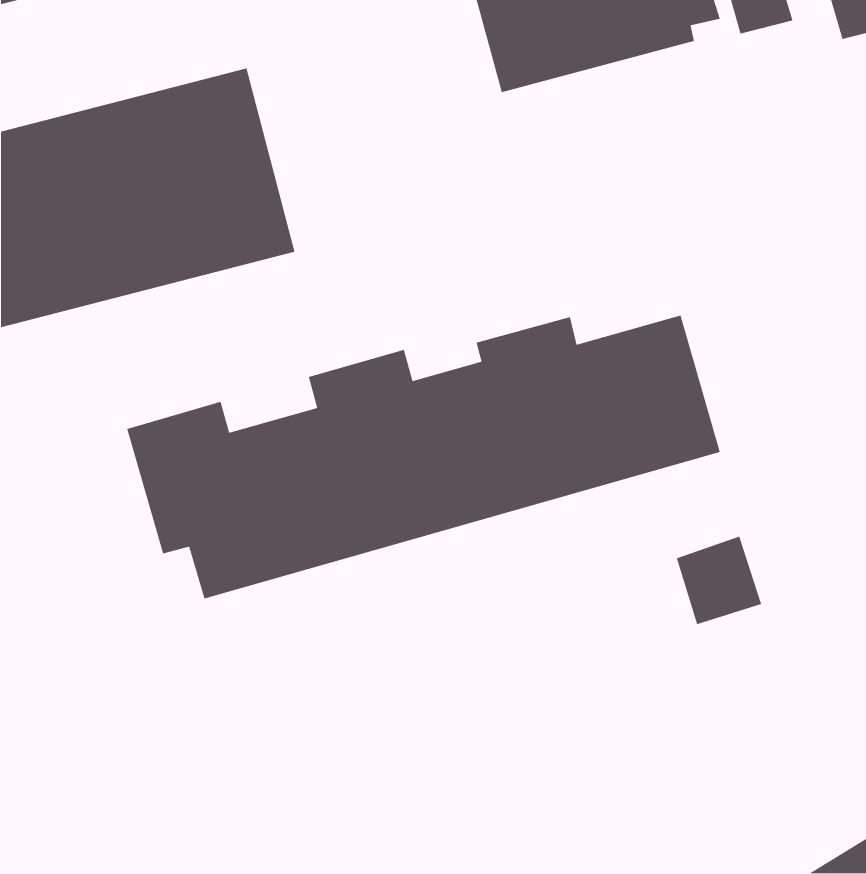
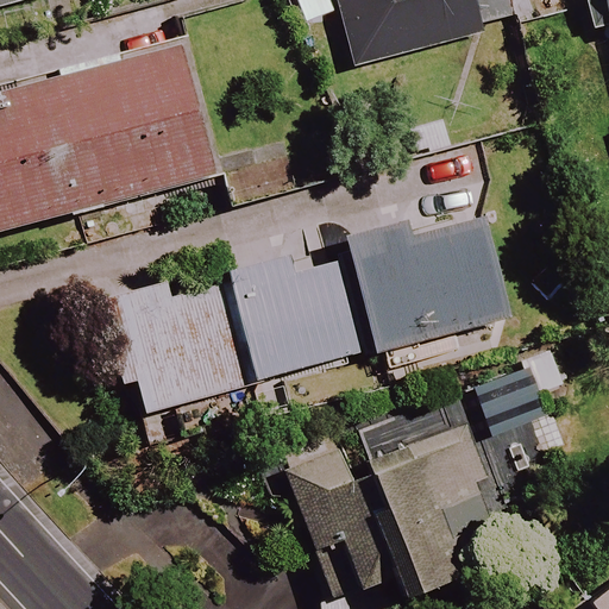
building: none -> [289,428,495,592]

